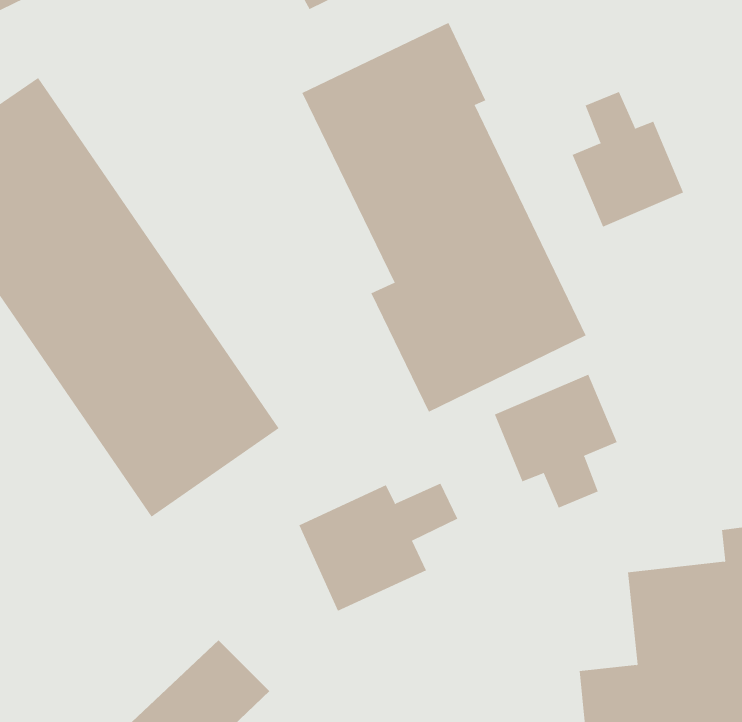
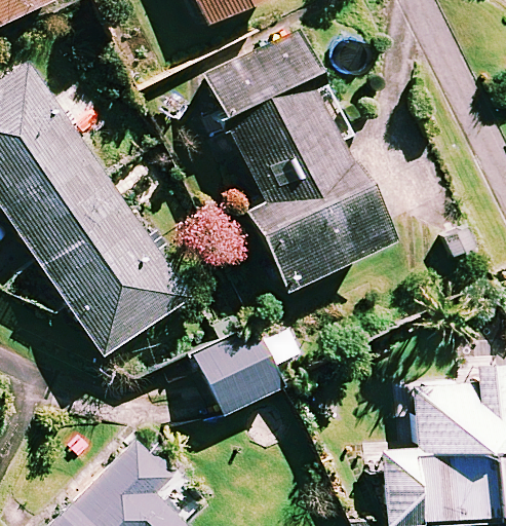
building: [572,91,684,228] -> none
building: [494,374,618,508] -> none

